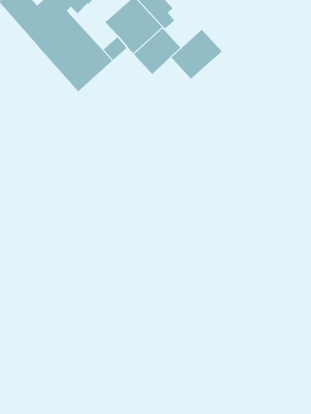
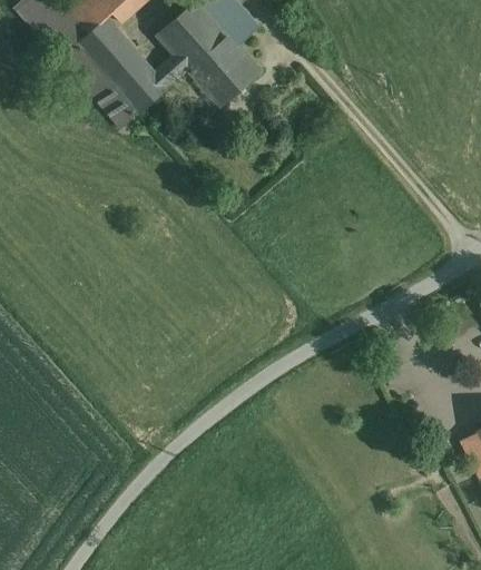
building: [170,29,222,80] -> none

